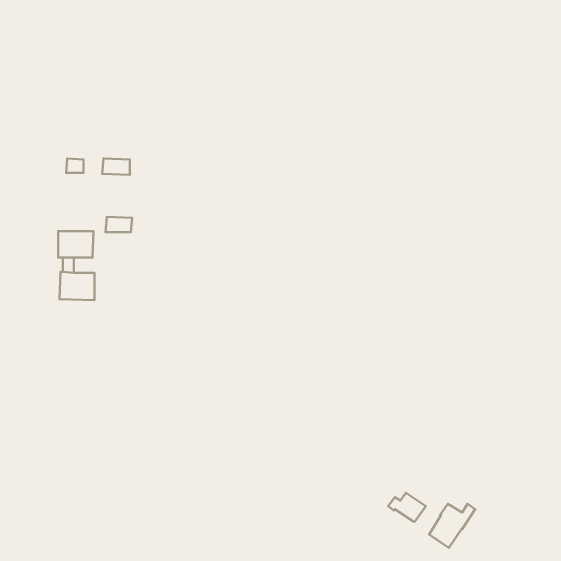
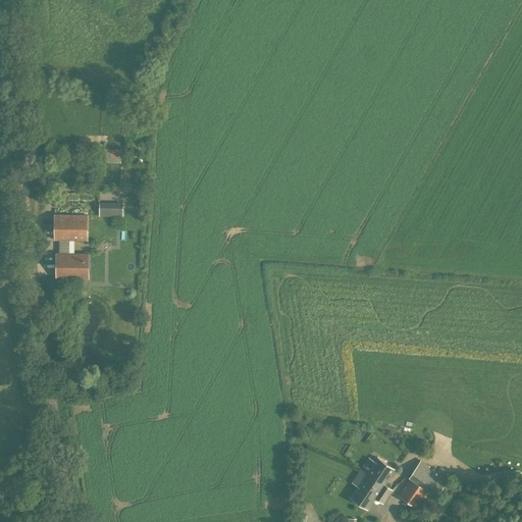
building: none -> [349,472,392,509]

